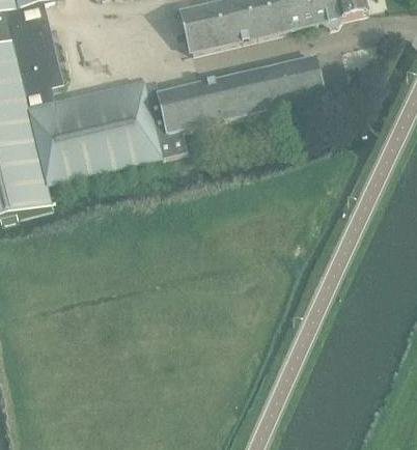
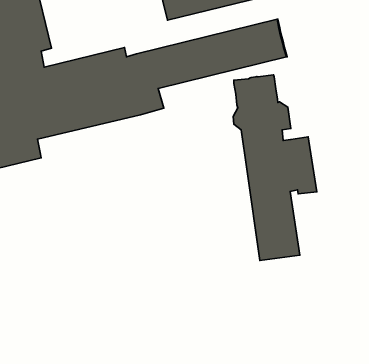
building: none -> [233,75,317,260]

